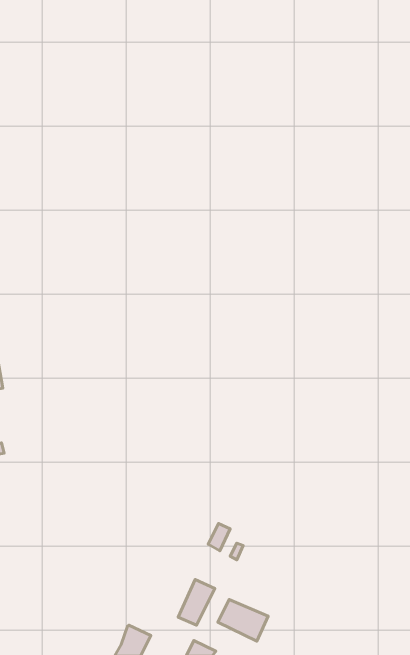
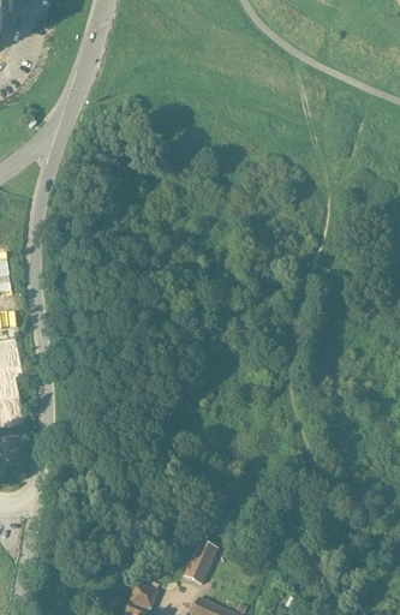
building: [218,599,268,641] -> none

